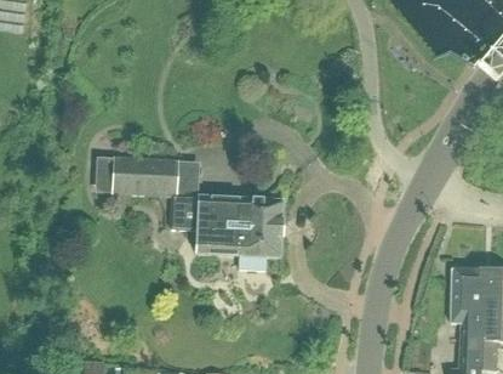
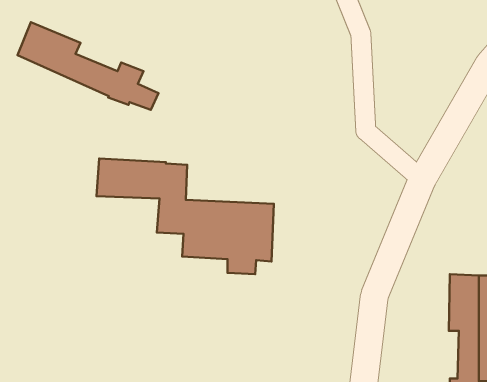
building: none -> [17,22,159,110]

